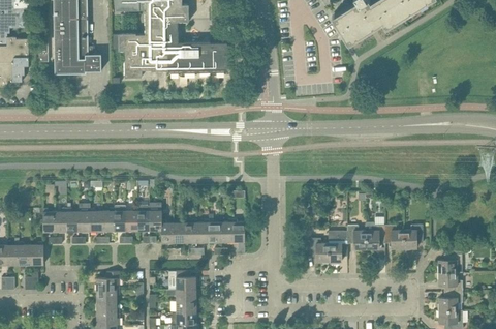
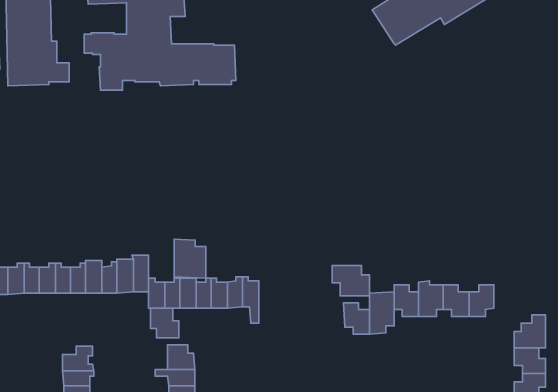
building: none -> [174,239,206,278]
building: none -> [332,265,369,296]
building: none -> [150,308,179,338]

